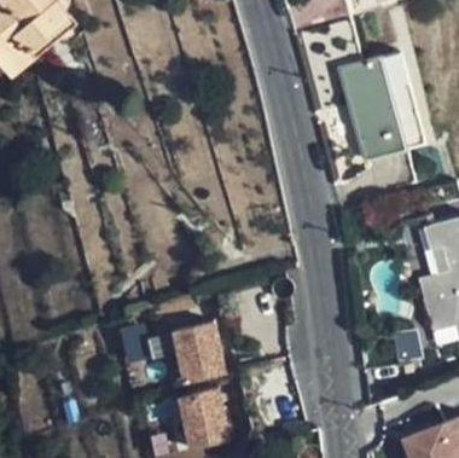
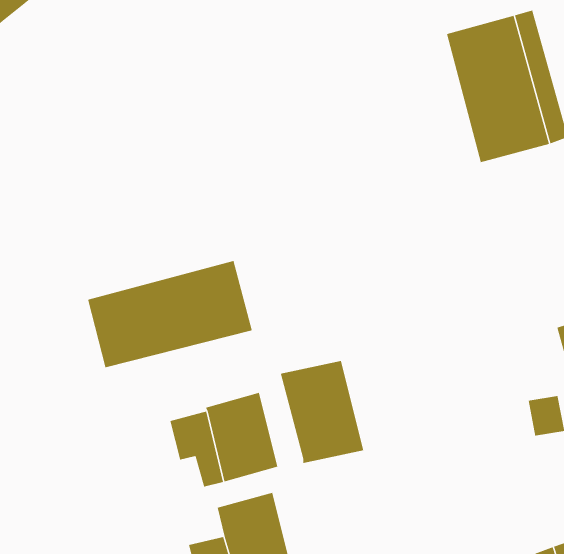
building: none -> [88,260,252,368]
building: none -> [280,360,364,464]

